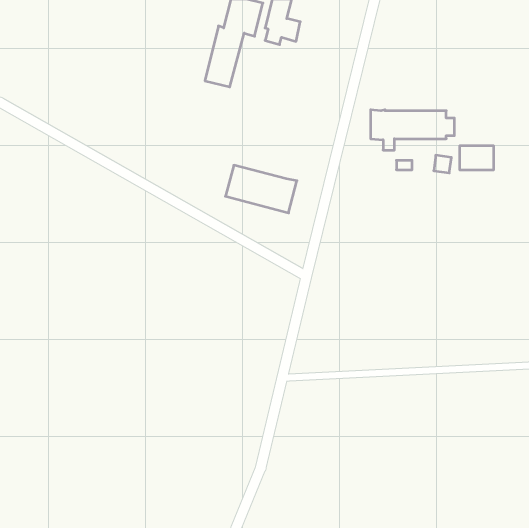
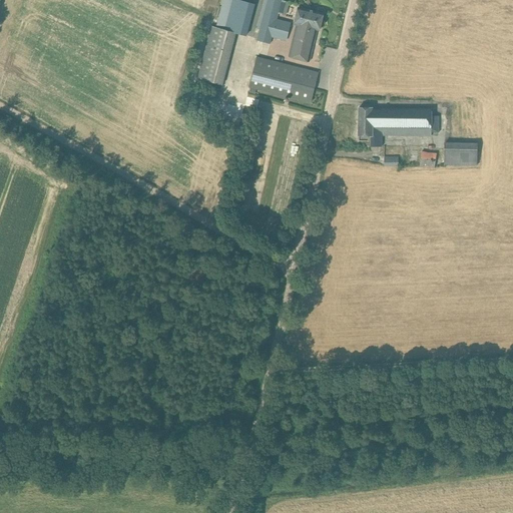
building: none -> [289,6,324,61]
building: [225,165,297,213] -> [249,56,319,102]

